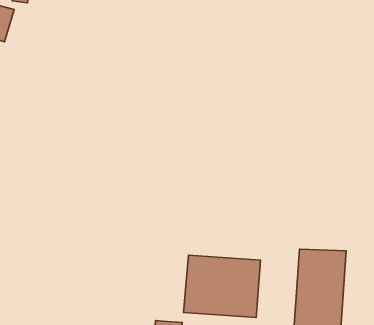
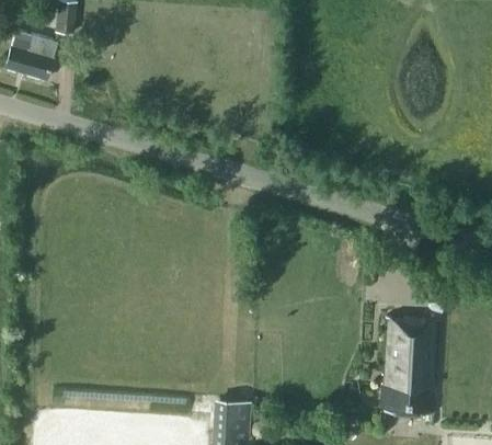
building: [183,255,261,317] -> none

